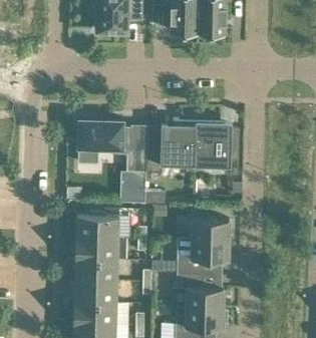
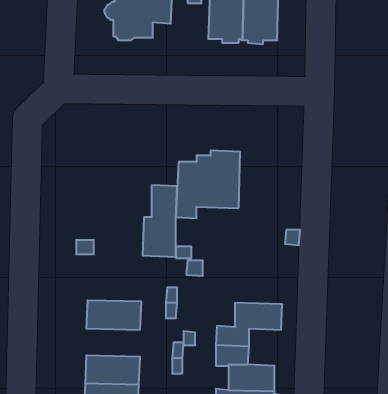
building: [74,115,123,164] -> none
building: [195,121,240,176] -> none
building: [76,212,118,239] -> none
building: [192,220,229,241] -> none
building: [75,260,117,282] -> none

